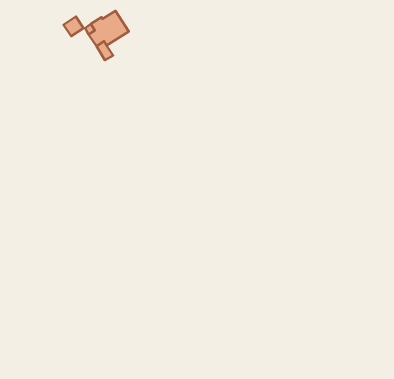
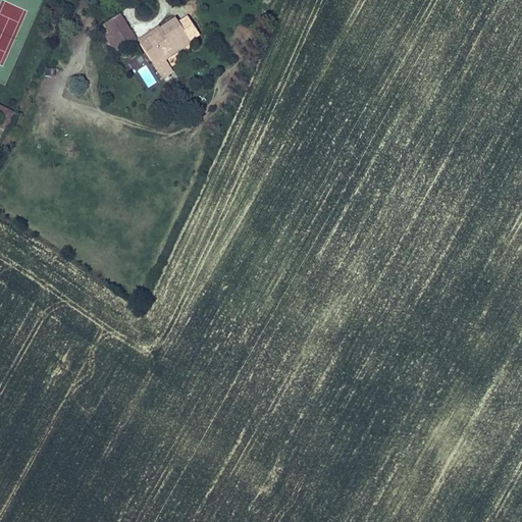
building: none -> [103,12,126,51]

